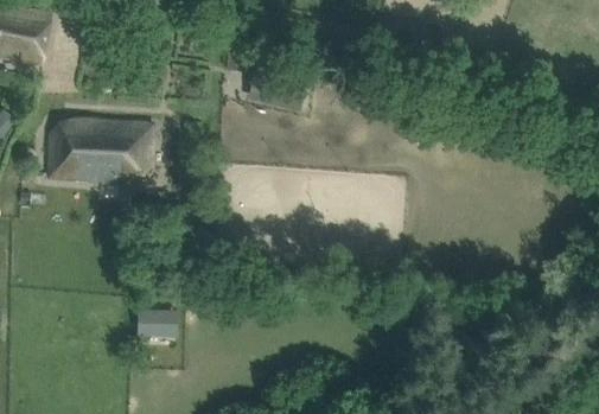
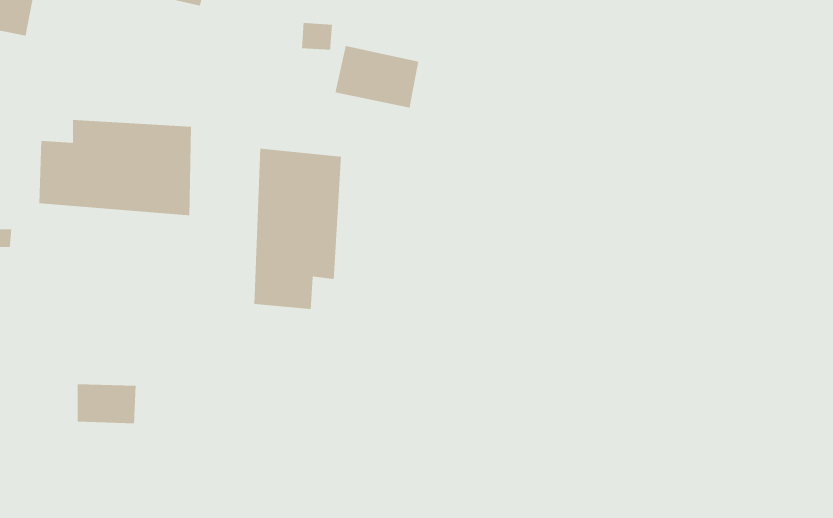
building: none -> [254,148,342,310]
building: [136,308,177,336] -> [77,384,137,424]

